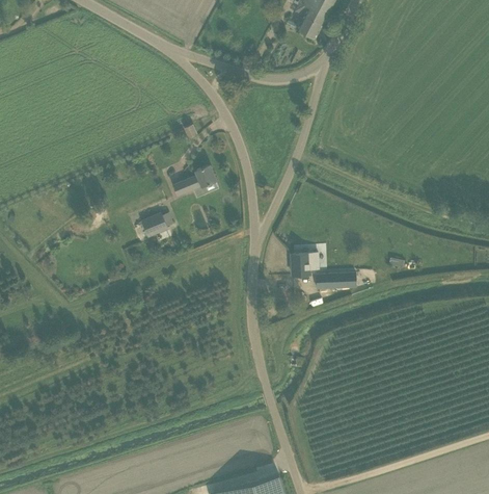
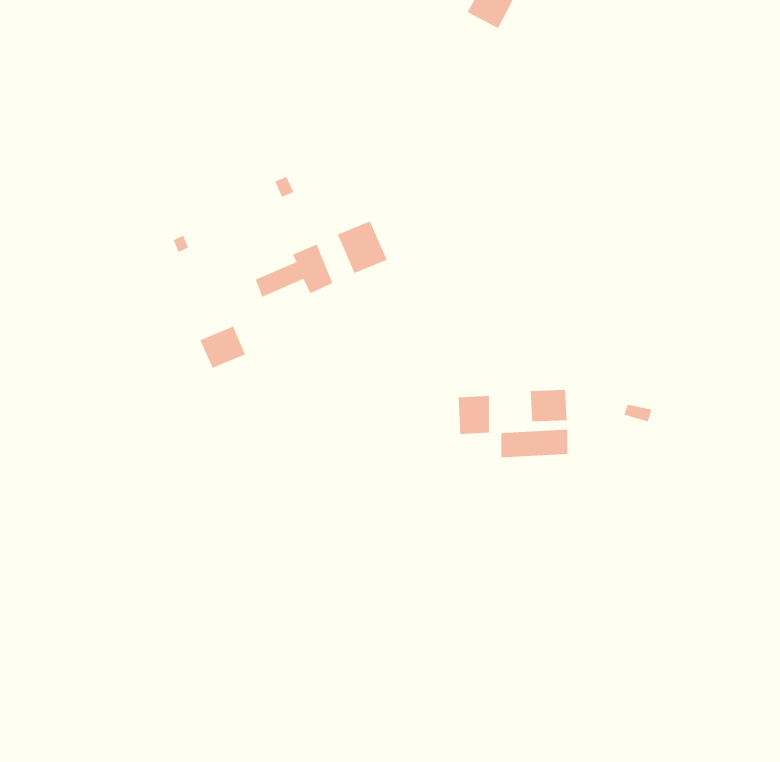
building: none -> [337,220,387,274]
building: none -> [530,389,567,422]

